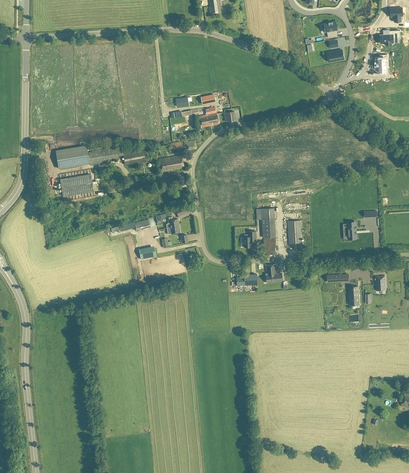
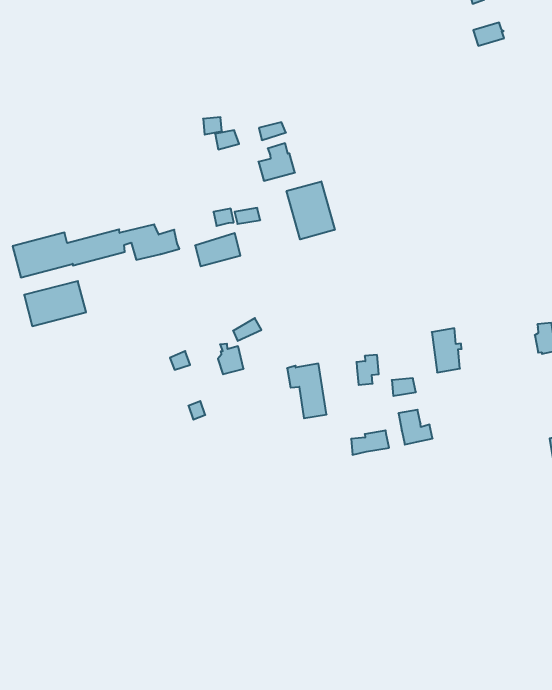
building: none -> [287,181,335,239]
building: [255,207,275,237] -> [287,364,327,418]

